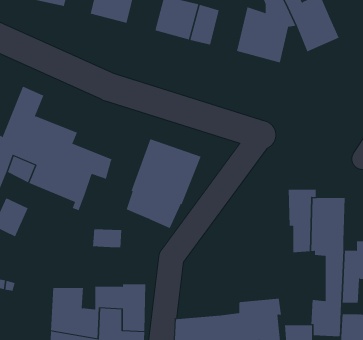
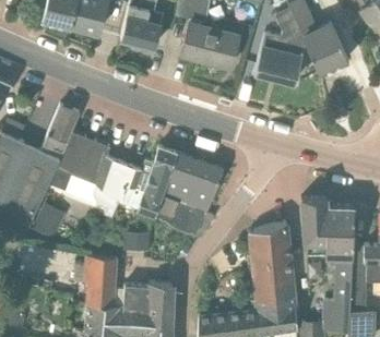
building: none -> [117,146,176,216]
building: none -> [250,222,294,300]
building: none -> [74,257,116,287]

